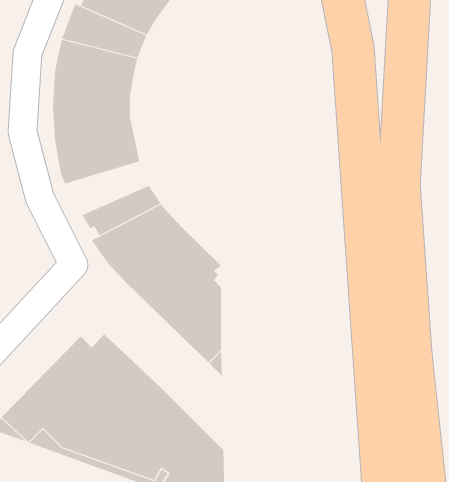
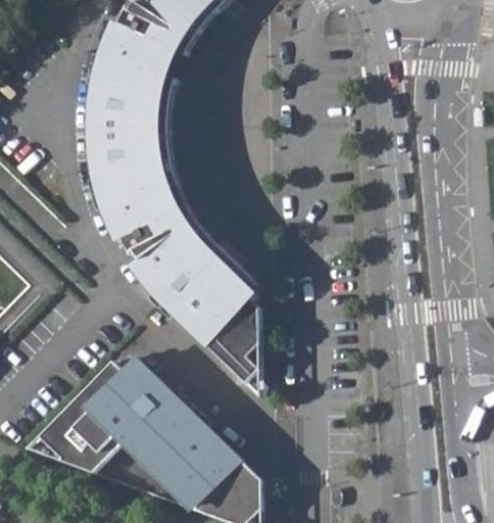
building: none -> [97,182,182,237]

